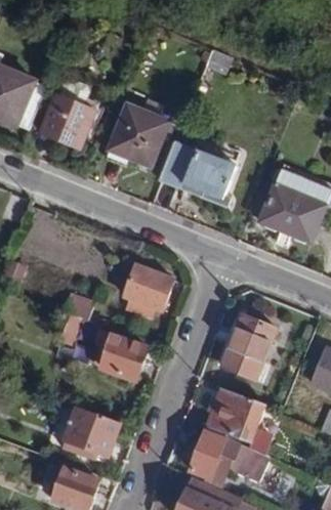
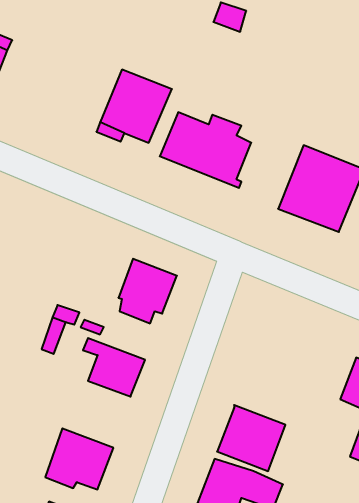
building: [42,80,94,146] -> none
building: [223,315,276,377] -> none

